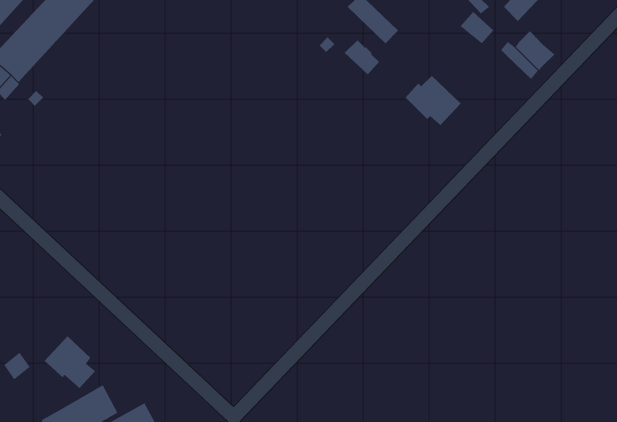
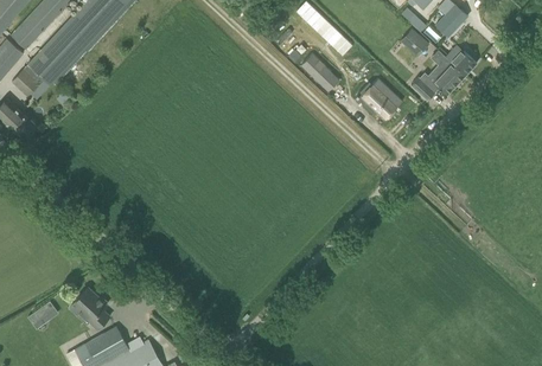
building: none -> [413,65,458,101]

